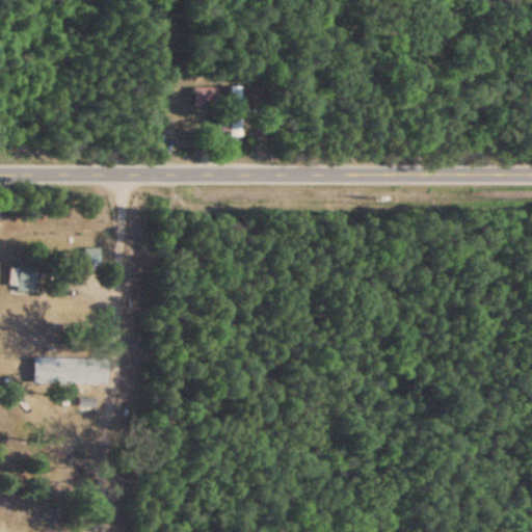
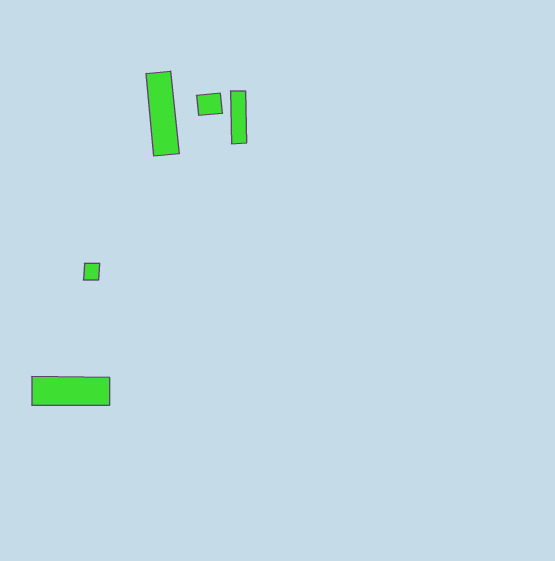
building: none -> [146,71,179,156]
building: [18,264,37,293] -> none

